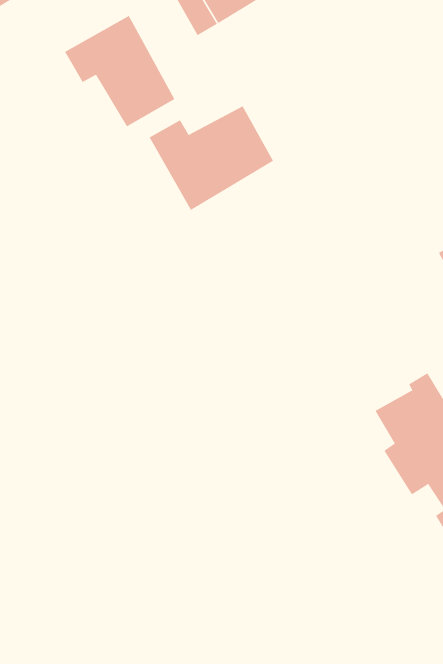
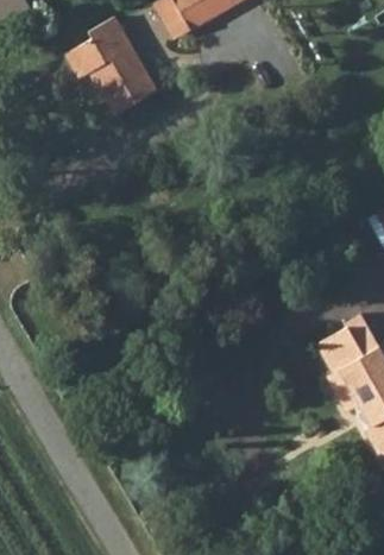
building: [149,106,274,211] -> none

